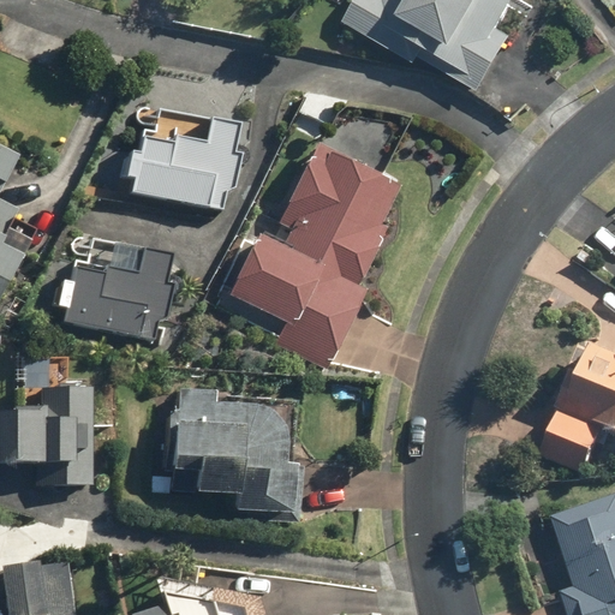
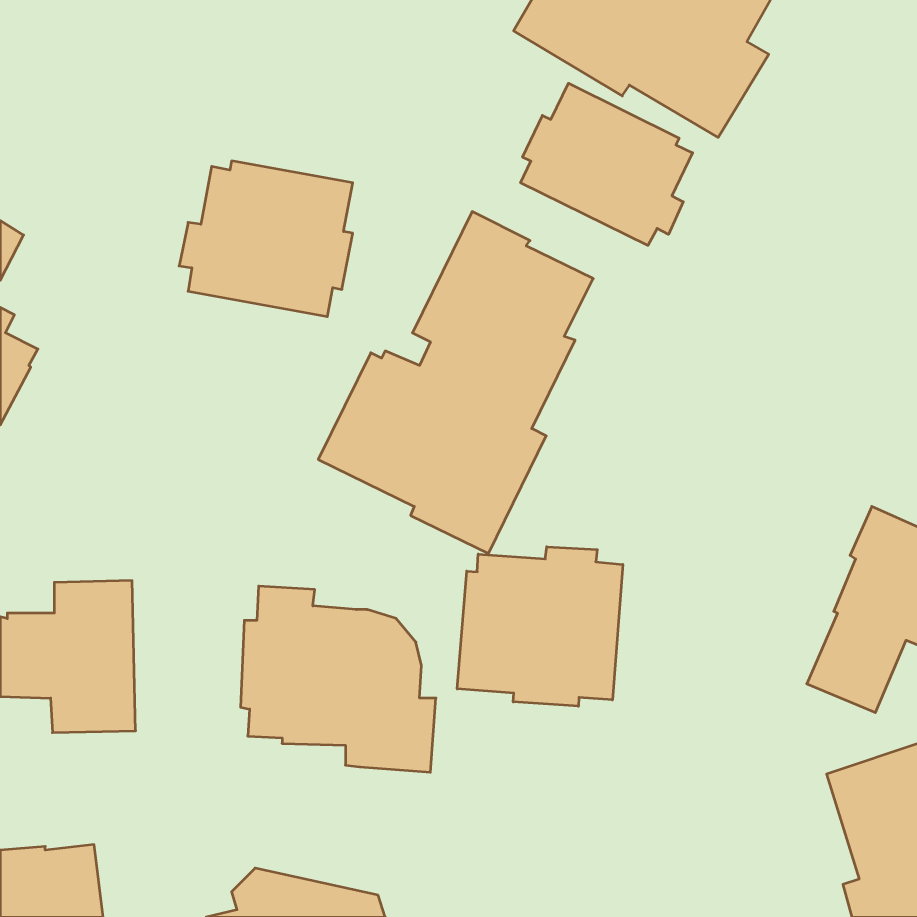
building: none -> [521,83,693,245]
building: [53,237,174,341] -> none
building: none -> [457,547,623,706]

